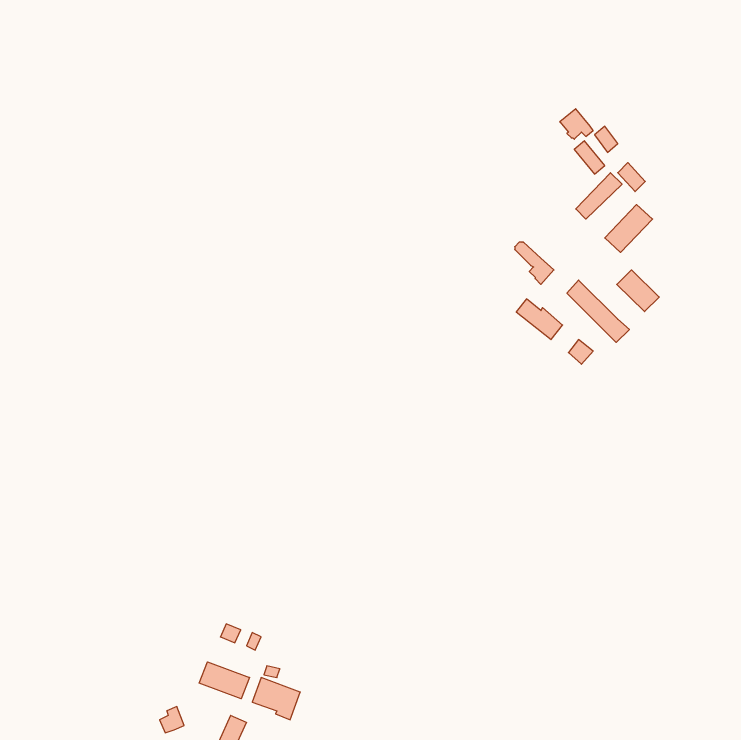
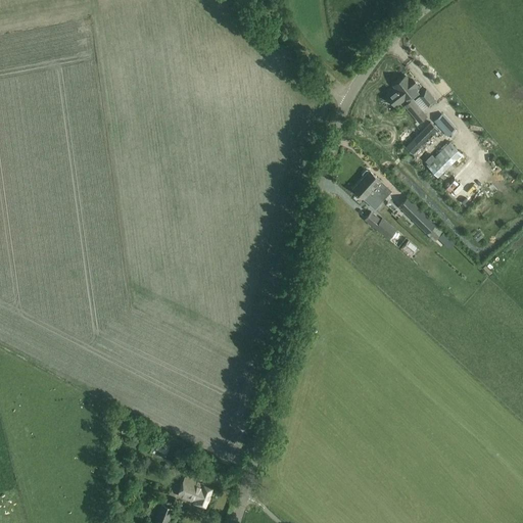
building: none -> [352,177,381,209]
building: [617,270,659,312] -> none
building: [199,662,250,699] -> none

